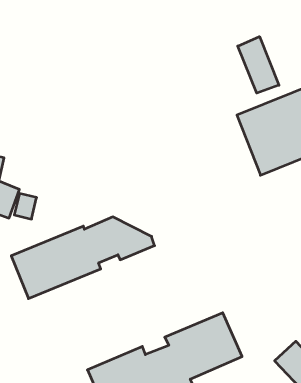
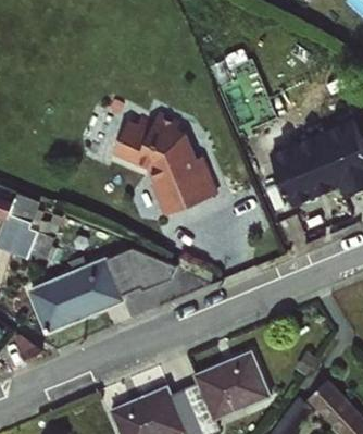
building: [238,37,279,93] -> none
building: none -> [111,110,217,216]

